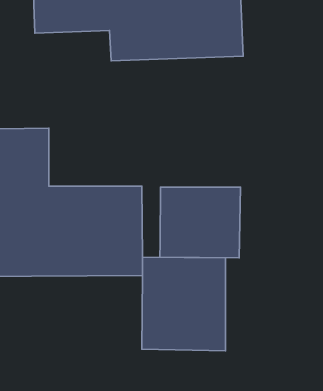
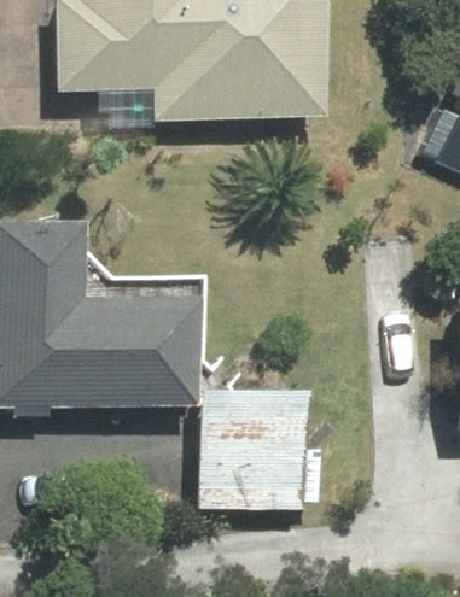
building: [160,187,241,258] -> none

